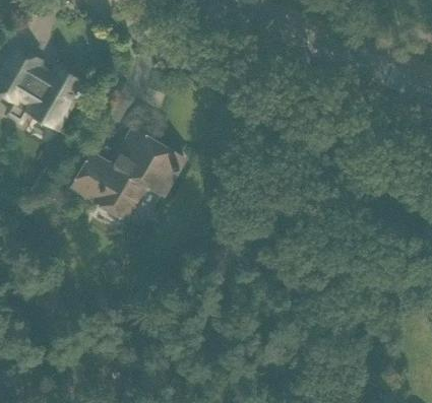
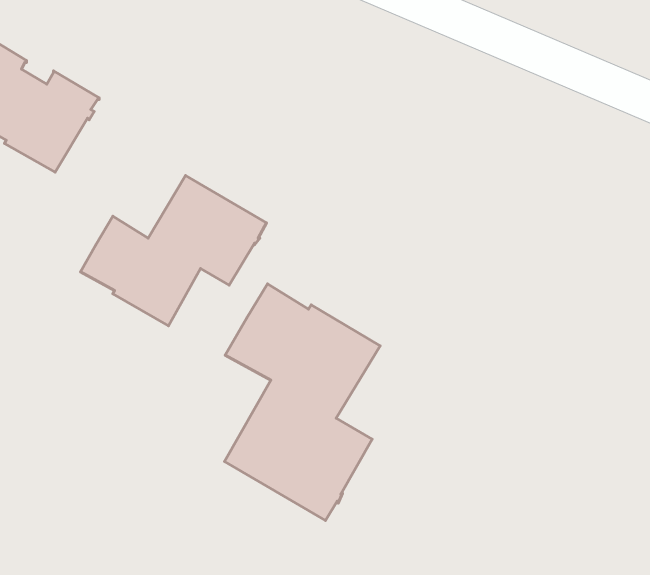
building: none -> [224,284,380,520]

